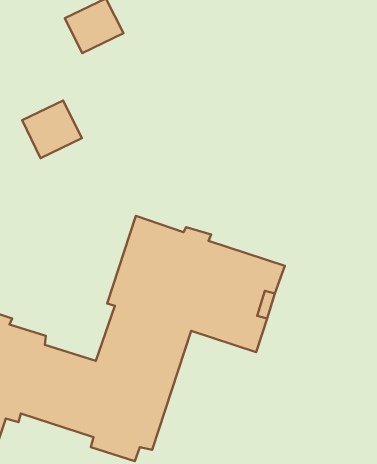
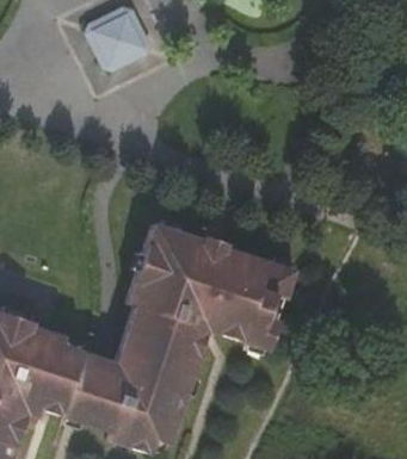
building: [22,100,82,158] -> none

